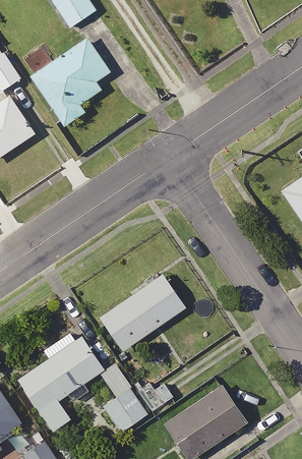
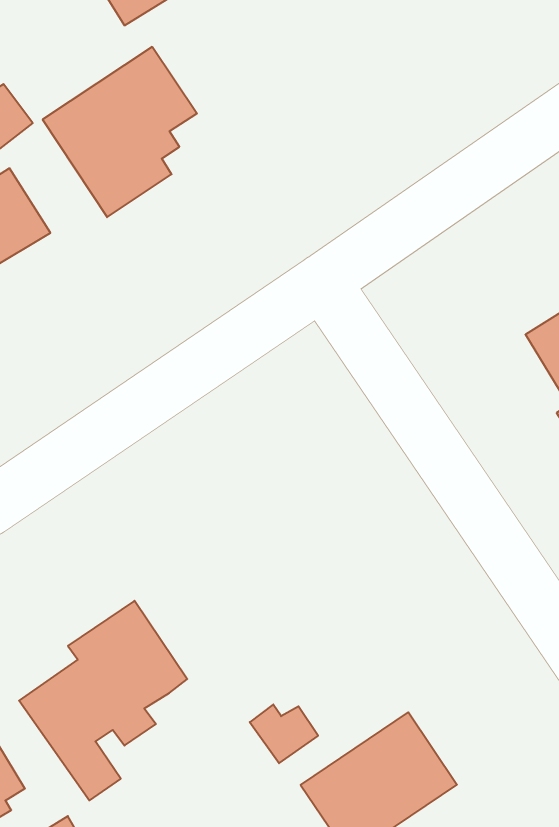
building: [98,272,185,351] -> none
building: [101,365,148,434] -> none

